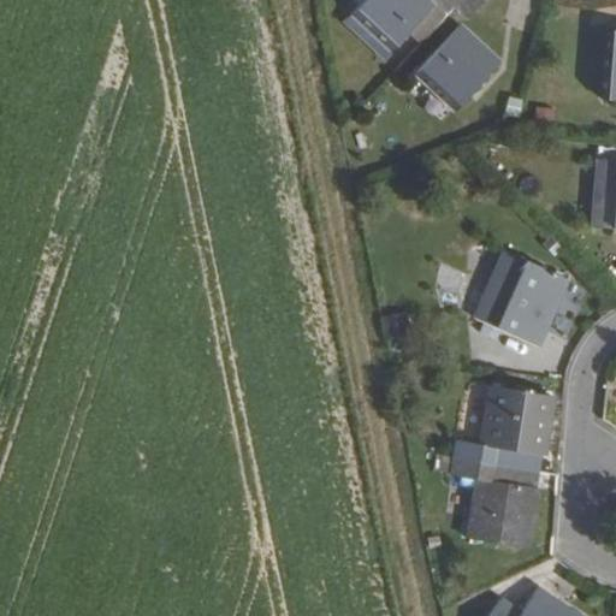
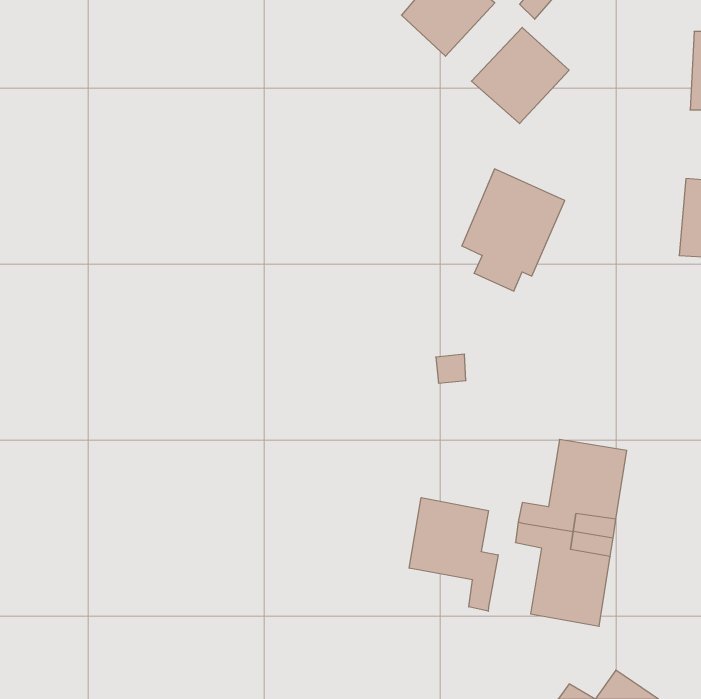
building: [479,251,569,359] -> [462,169,565,291]
building: none -> [409,498,498,611]

